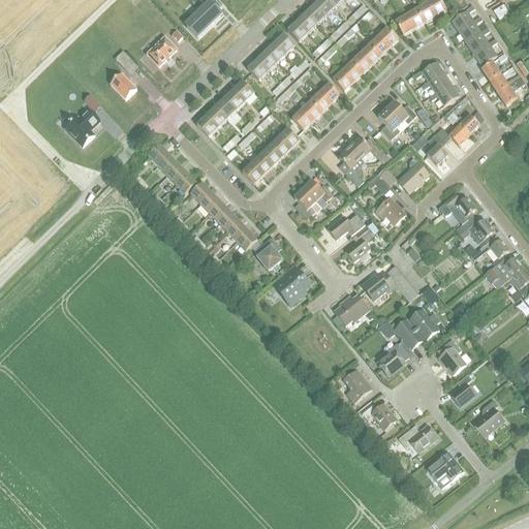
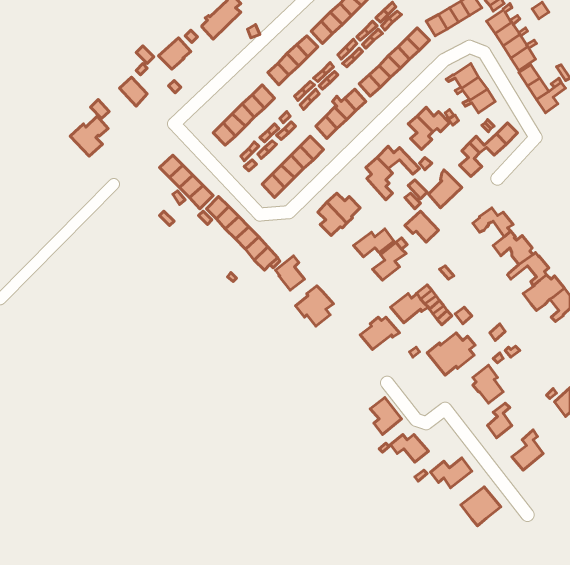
building: [377,339,413,375] -> none

